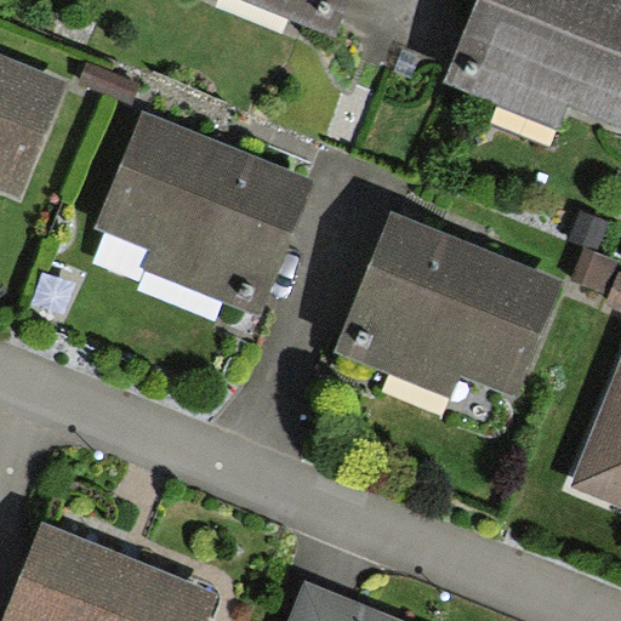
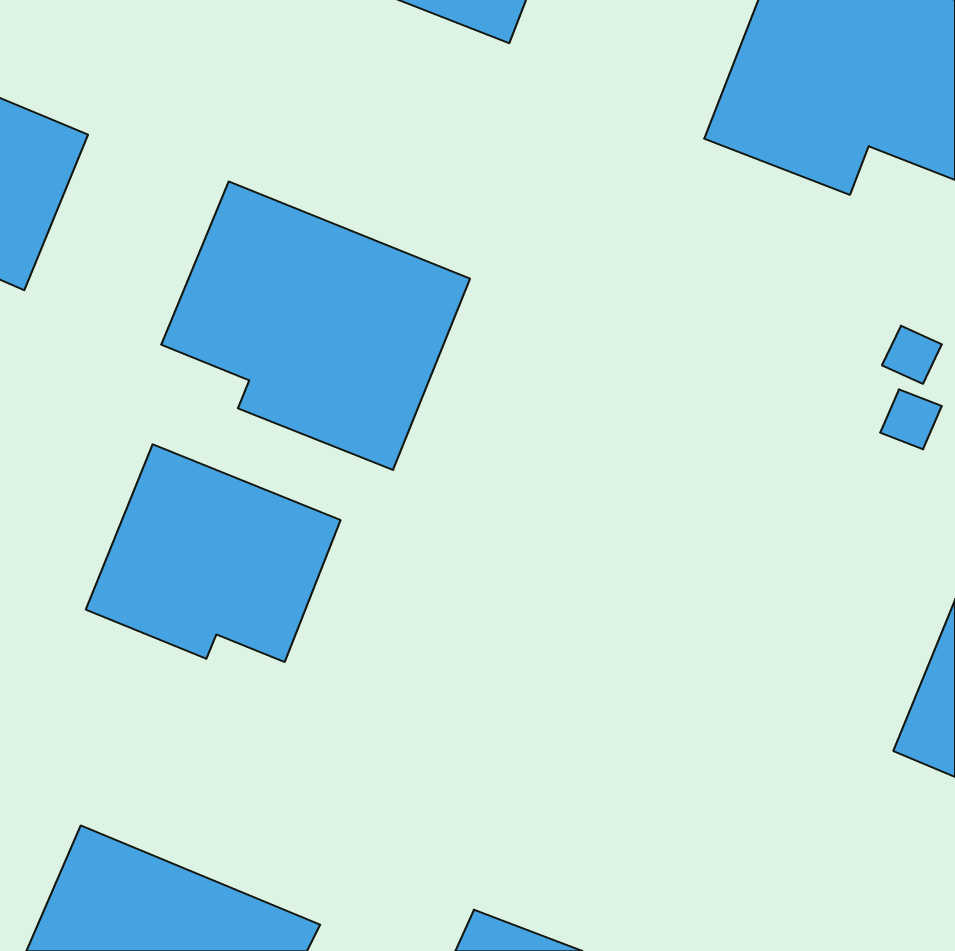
building: [342,215,556,389] -> none
building: none -> [86,444,340,662]

